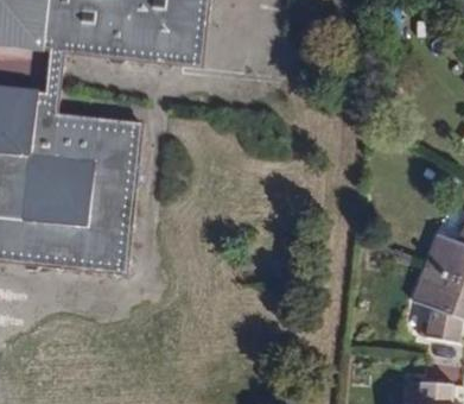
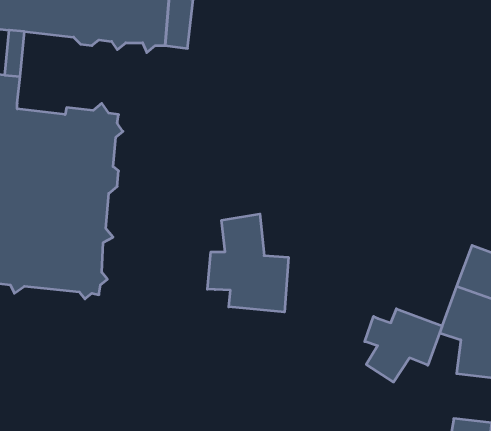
building: none -> [207,214,288,312]
building: none -> [365,309,442,382]

